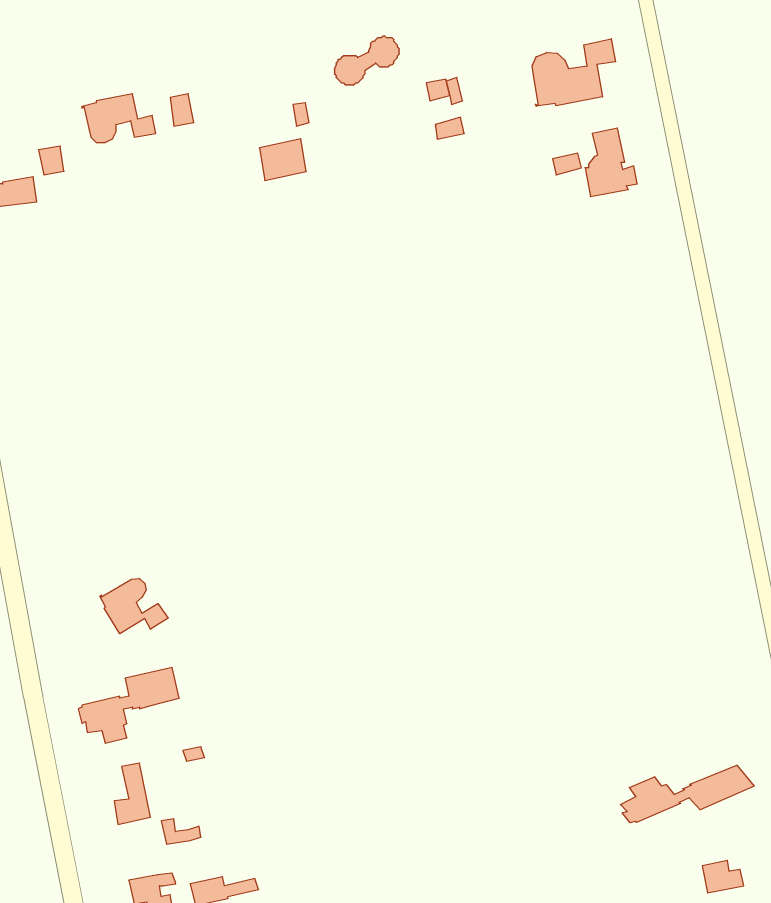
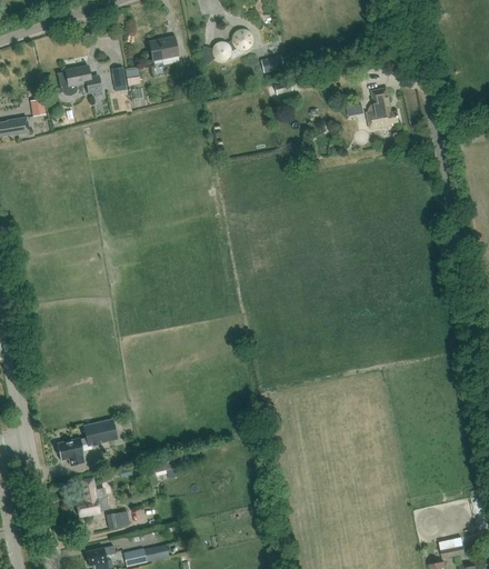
building: [532,39,616,106] -> none
building: [259,139,306,180] -> [149,36,178,61]
building: [100,578,168,634] -> none
building: [620,765,754,823] -> none

